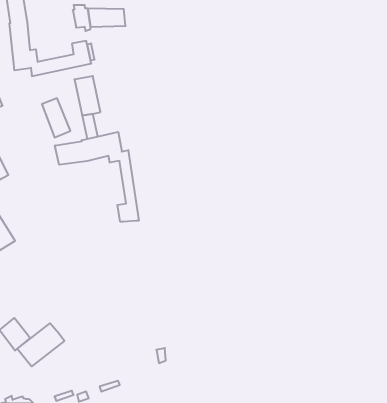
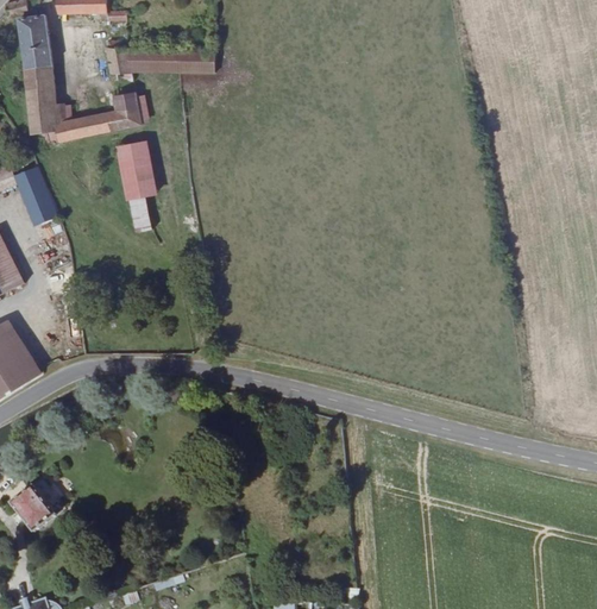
building: [42,98,70,138] -> [17,168,57,224]
building: [55,132,139,222] -> none
building: [17,323,64,366] -> none

